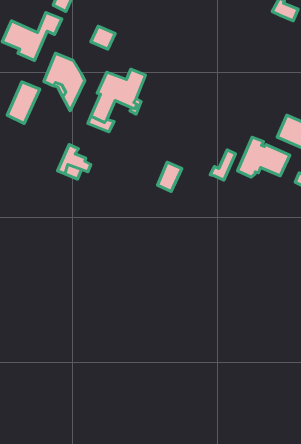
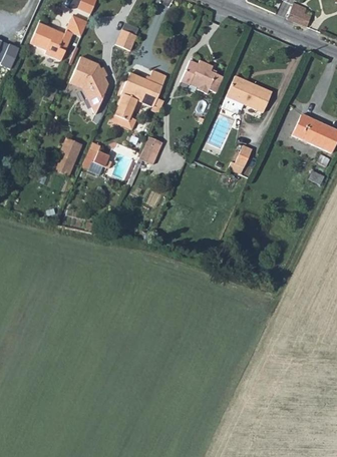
building: none -> [179,58,225,92]
building: [7,82,40,124] -> [52,137,83,177]
building: [237,137,290,177] -> [223,73,273,111]
building: [158,162,182,192] -> [139,136,162,164]

